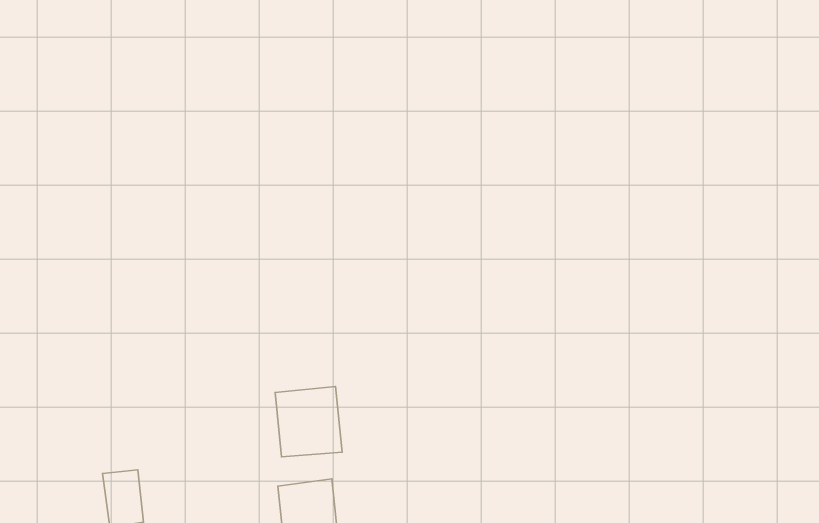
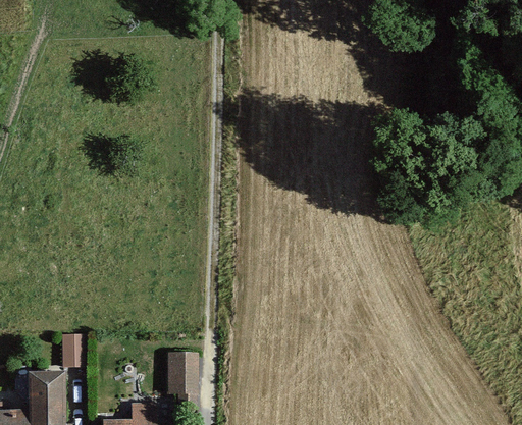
building: [275,386,342,457] -> none

